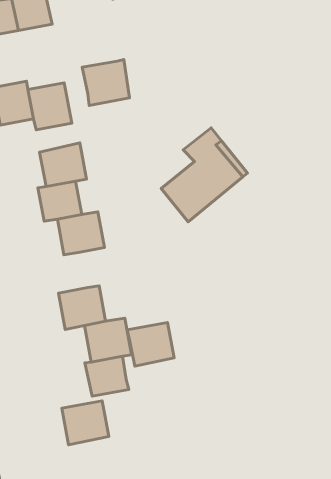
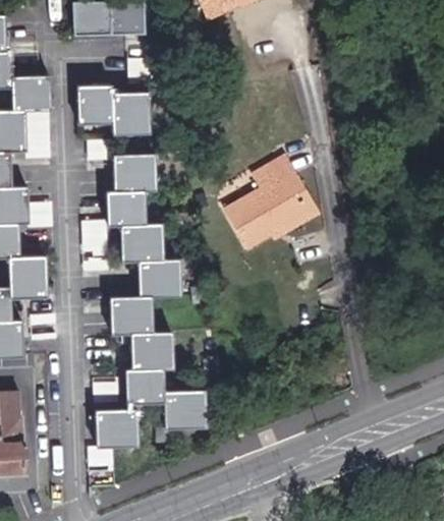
building: [82,60,130,105] -> none
building: none -> [138,259,180,296]
building: [127,322,174,366] -> [164,391,206,428]

